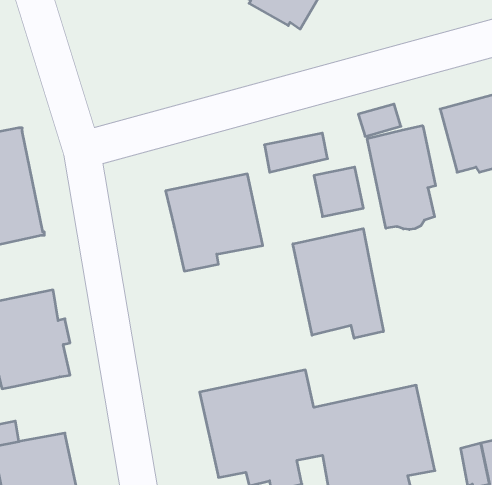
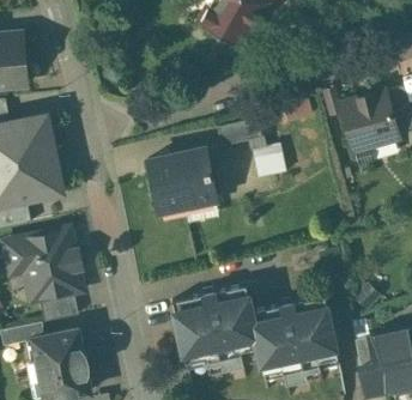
building: [367,126,436,230] -> none
building: [293,229,383,338] -> none
building: none -> [40,290,78,321]

